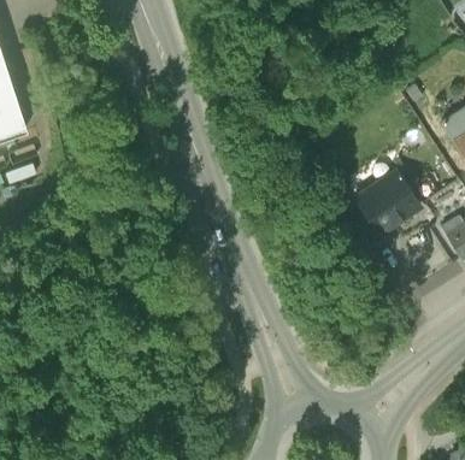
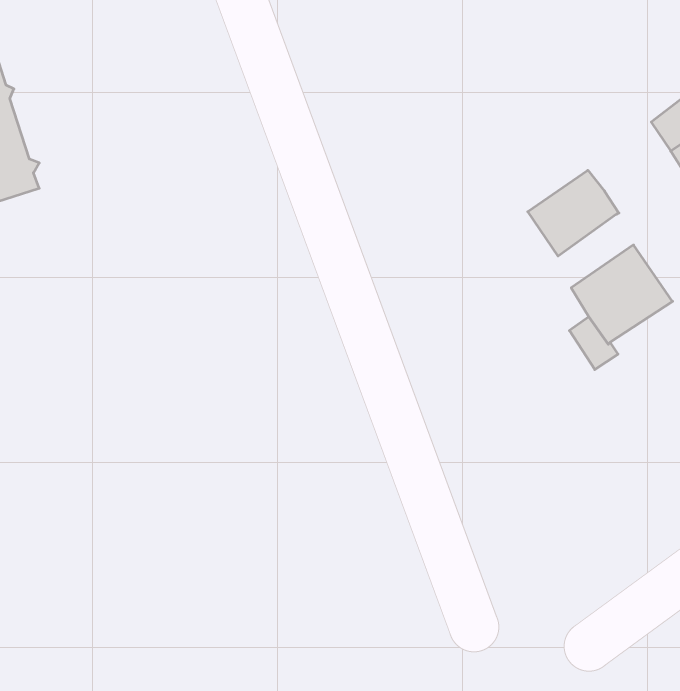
building: none -> [528,170,619,256]

